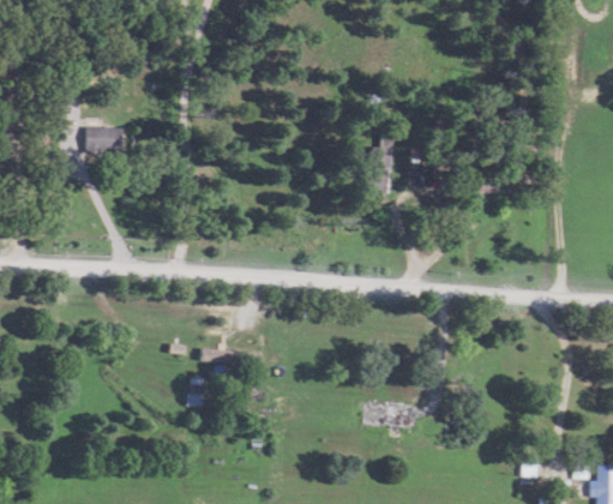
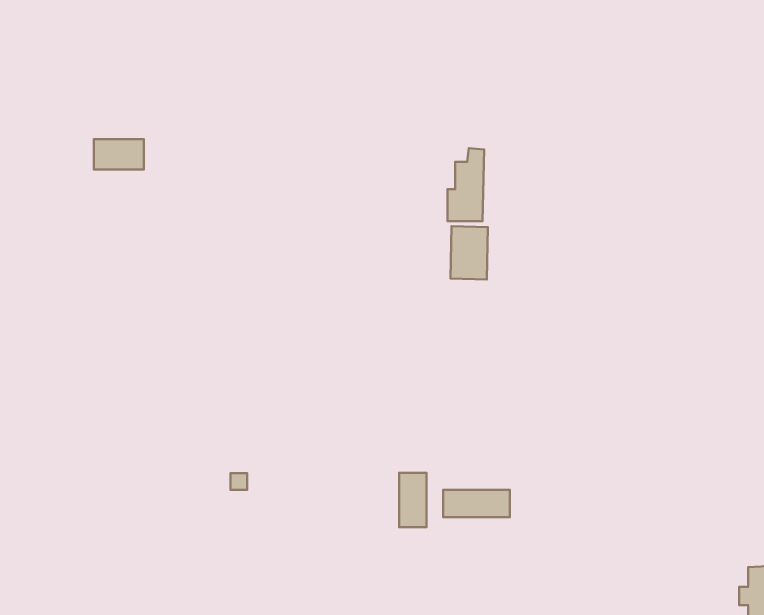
building: none -> [450,226,488,279]
building: none -> [399,473,427,527]

